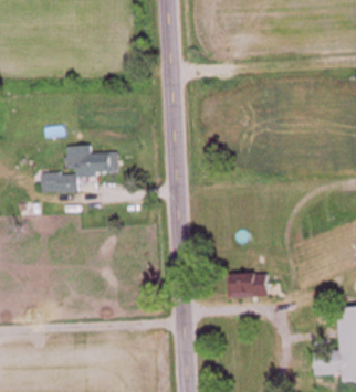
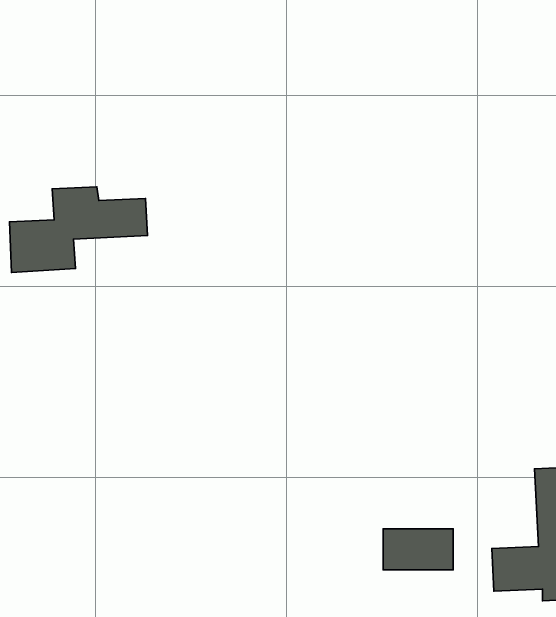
building: [230,273,270,296] -> [383,529,453,570]

